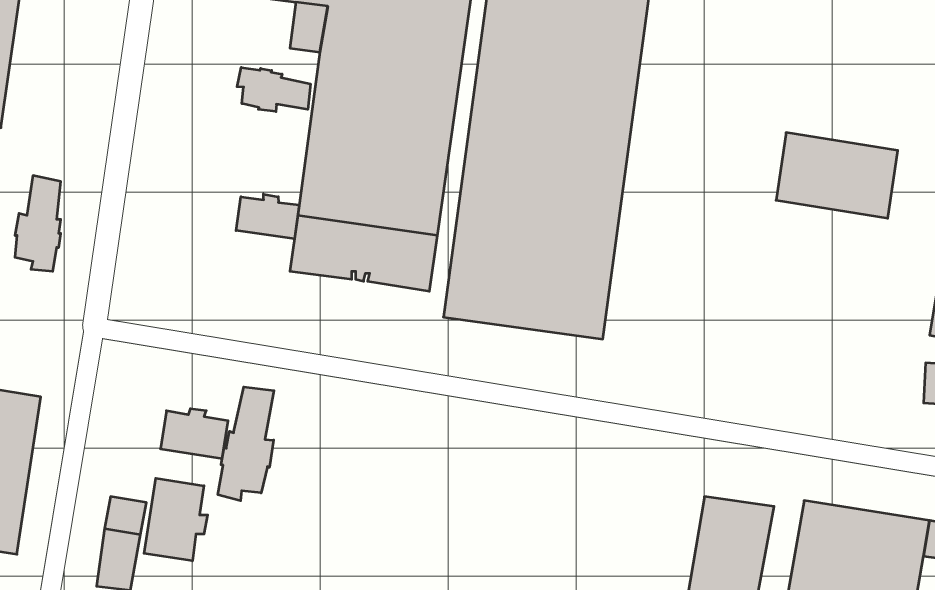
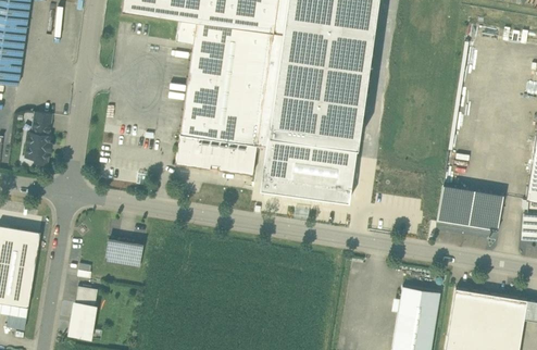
building: [237,67,310,112] -> none
building: [776,133,898,218] -> [437,185,503,232]
building: [236,194,299,239] -> none
building: [218,387,274,501] -> none
building: [144,478,208,561] -> none

